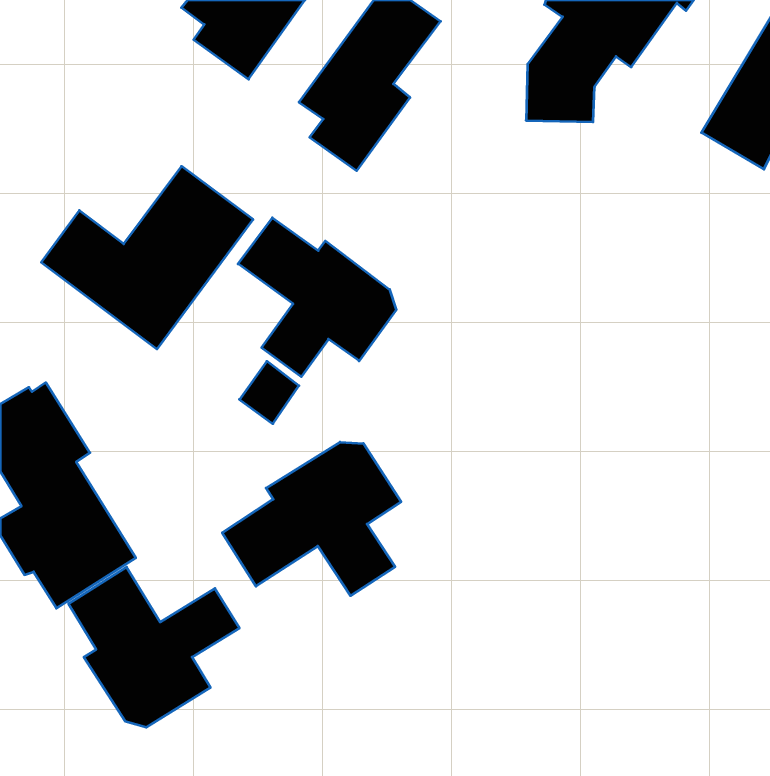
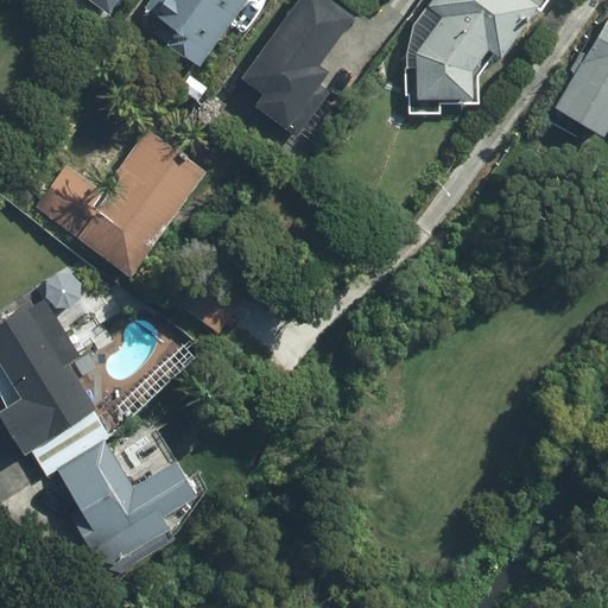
building: [238,218,396,377] -> none
building: [222,442,401,596] -> none

